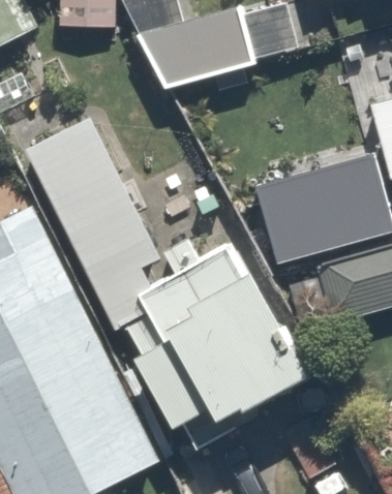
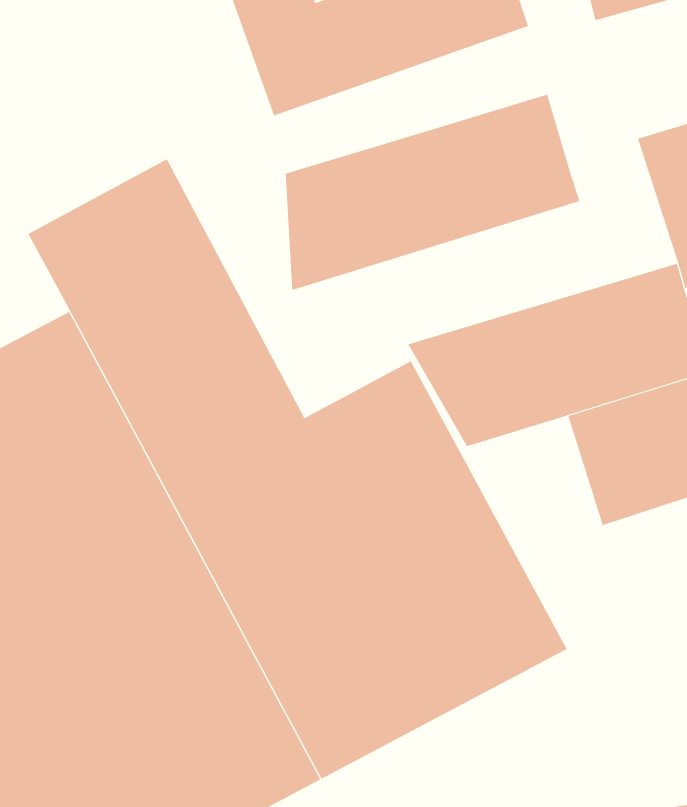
building: none -> [285,94,580,291]

